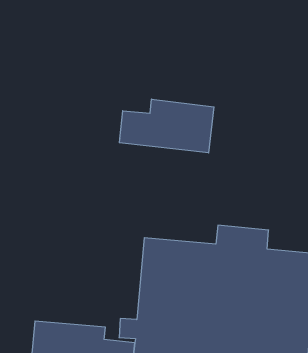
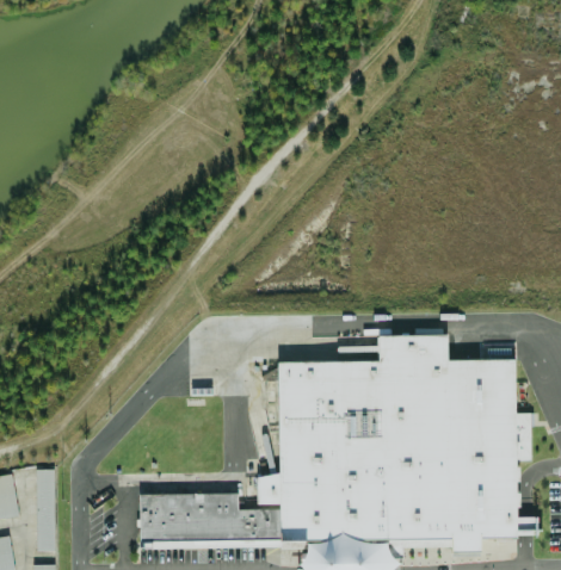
building: [119,99,214,153] -> none

